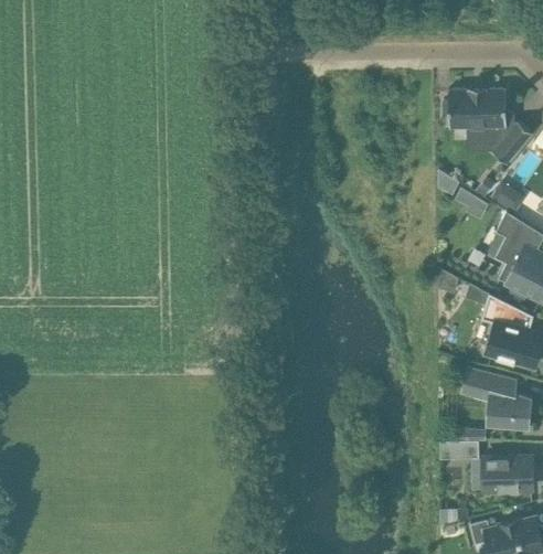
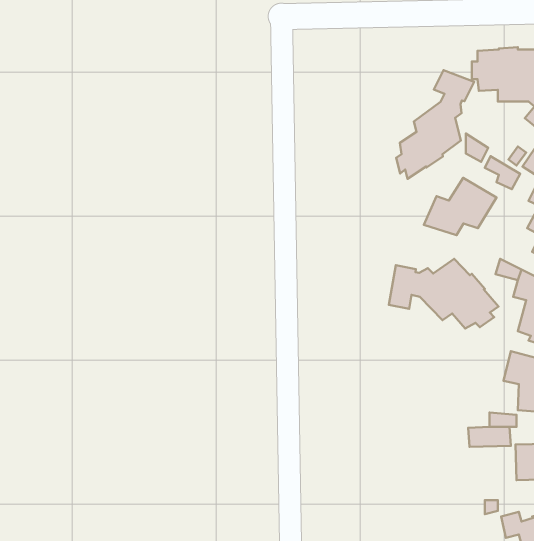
building: none -> [396,70,474,179]
building: none -> [424,178,496,235]
building: none -> [389,259,499,329]

